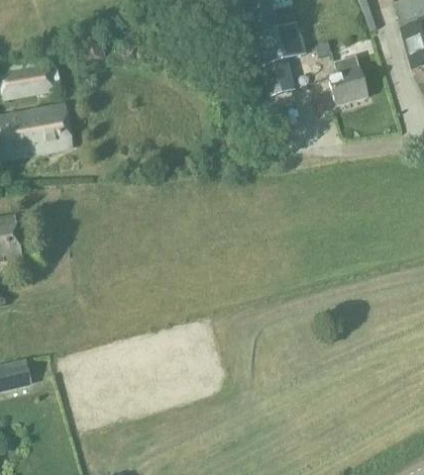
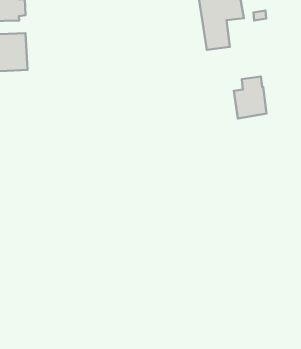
building: [327,56,367,106] -> [234,77,267,118]

